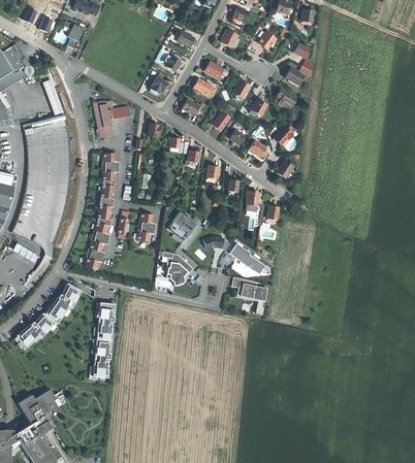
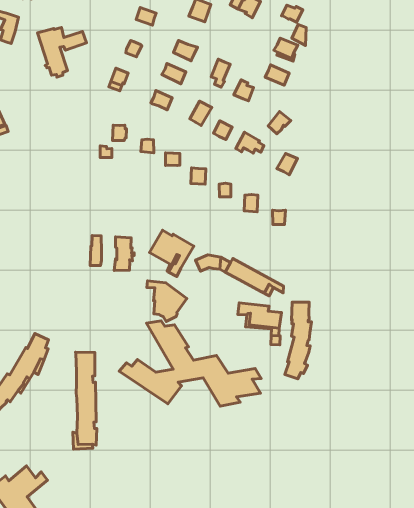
building: [93,101,131,140] -> [38,28,86,77]
building: [86,154,119,270] -> none
building: none -> [285,302,312,379]
building: none -> [119,321,261,406]

